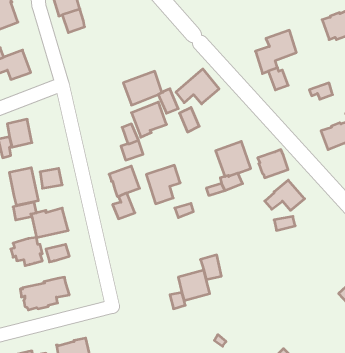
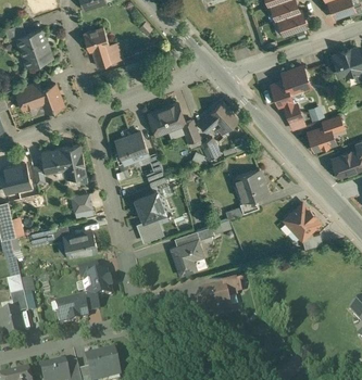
building: [131,102,167,137] -> [115,132,148,165]
building: [258,150,288,178] -> [308,125,336,151]
building: [146,165,180,204] -> [172,240,203,276]
building: [9,168,38,205] -> [60,144,87,179]
building: [11,237,42,266] -> [83,275,112,301]

